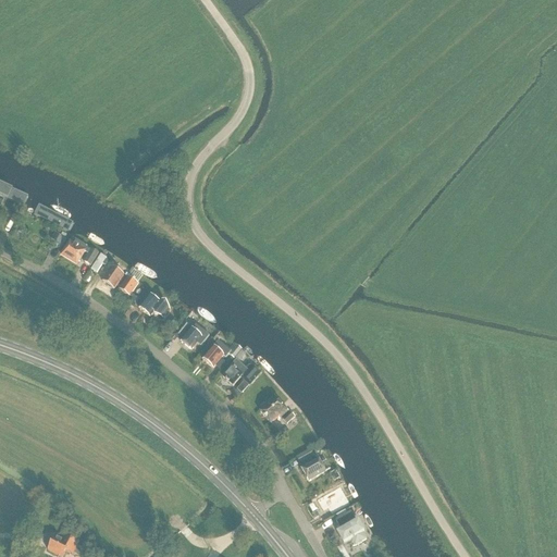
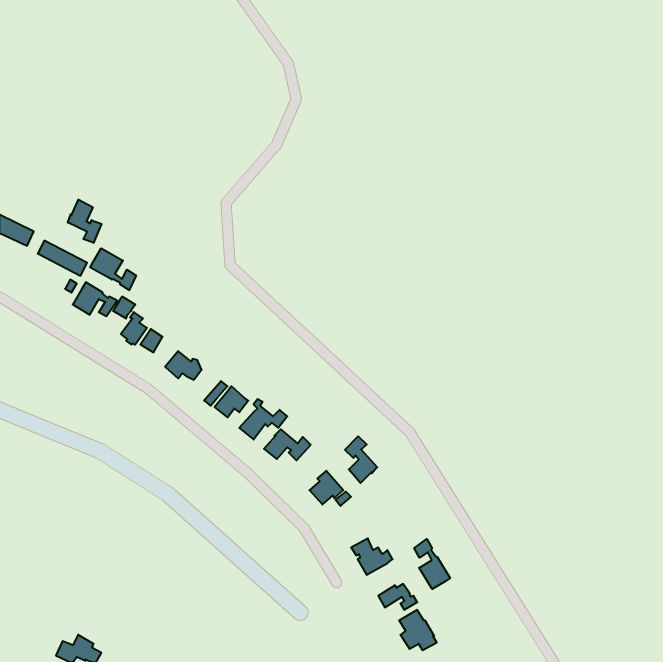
building: none -> [68,200,102,243]
building: none -> [90,248,136,290]
building: none -> [345,436,377,483]
building: none -> [414,539,450,589]

